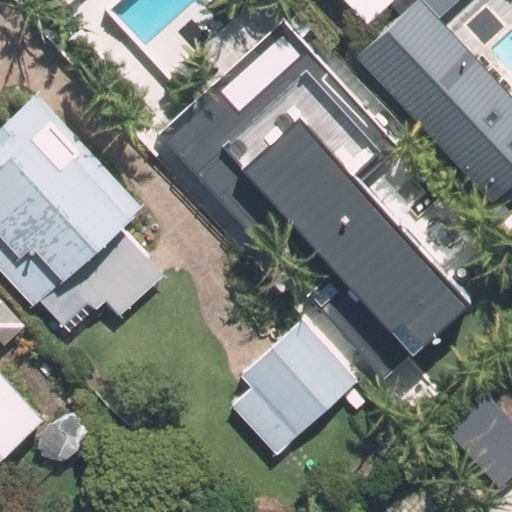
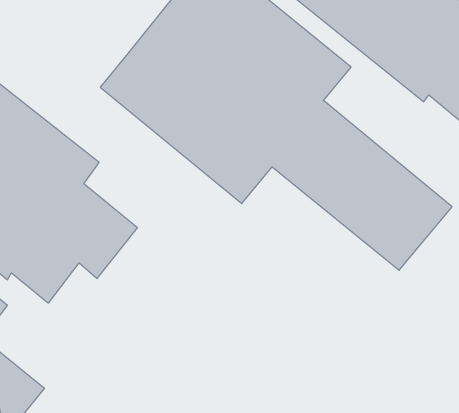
building: [229,325,355,458] -> none

